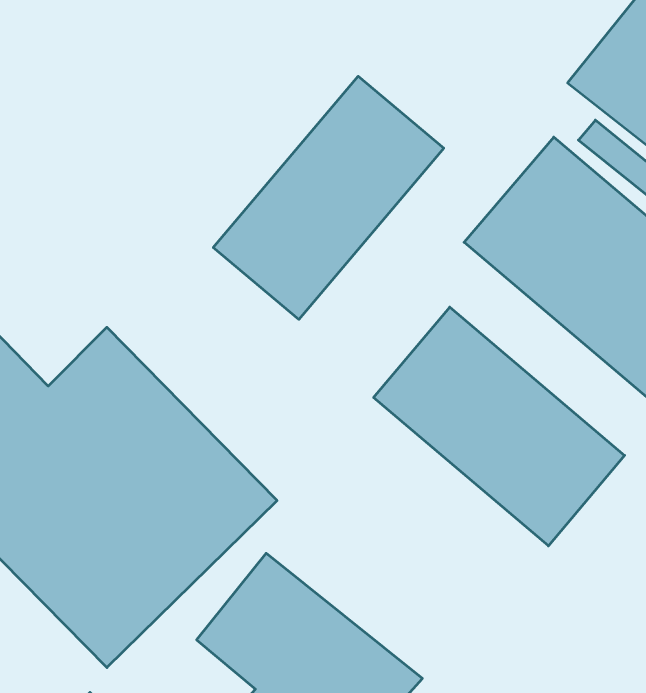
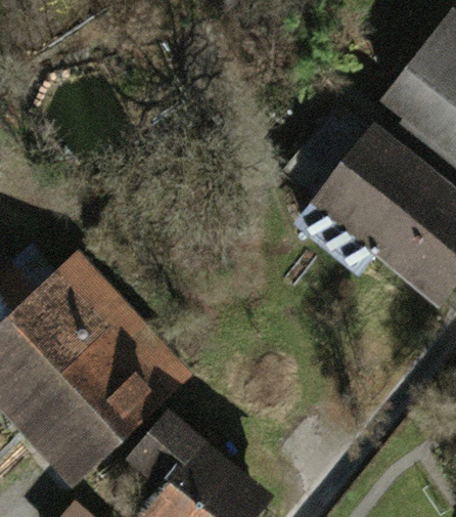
building: [213,76,444,319] -> none
building: [374,307,625,546] -> none

